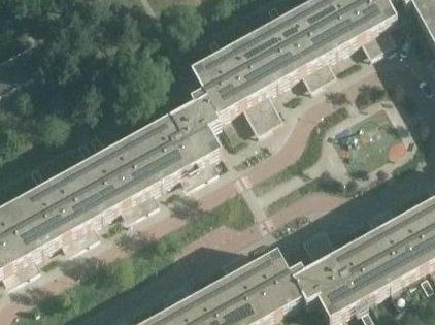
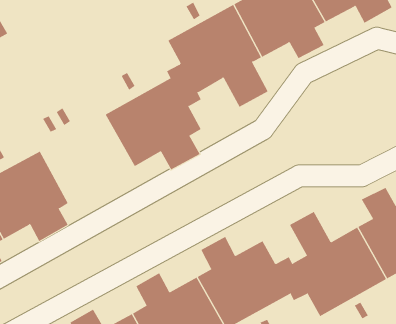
building: [75,133,161,216] -> none

